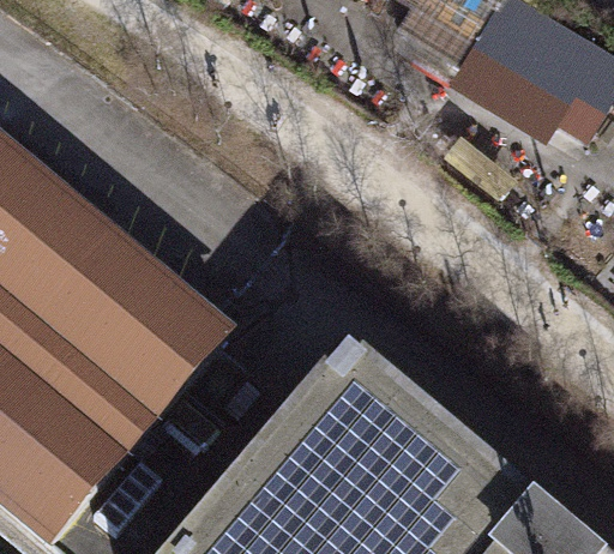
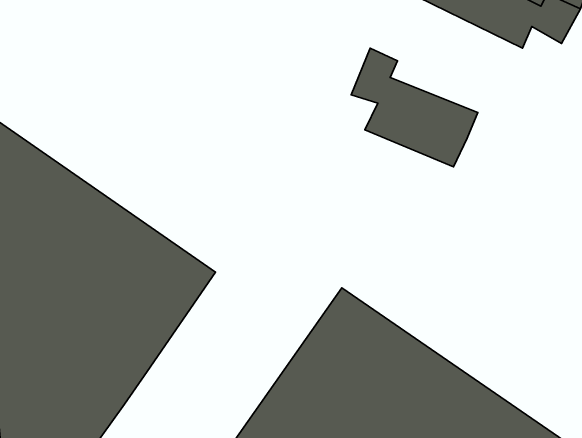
building: none -> [351,48,478,167]

